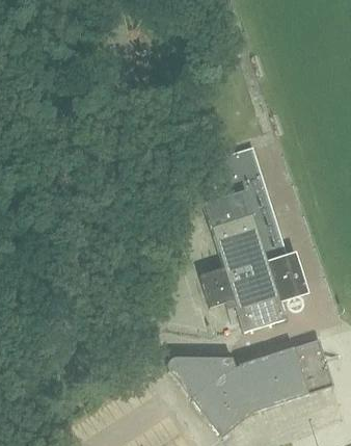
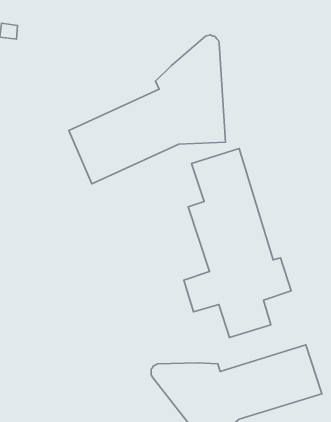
building: none -> [69,35,226,184]

